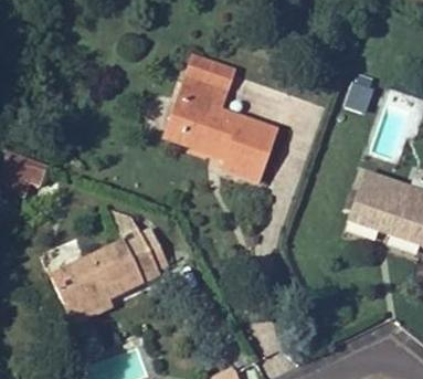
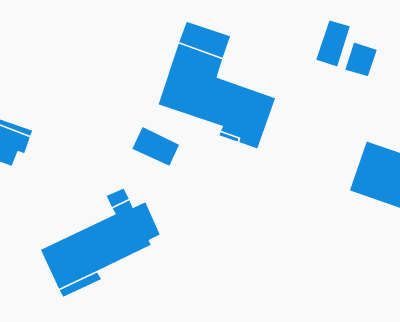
building: none -> [315,19,351,68]
building: none -> [131,126,180,167]

